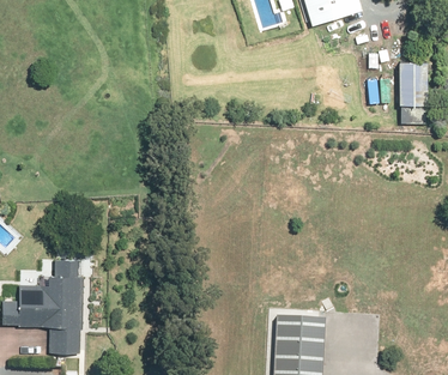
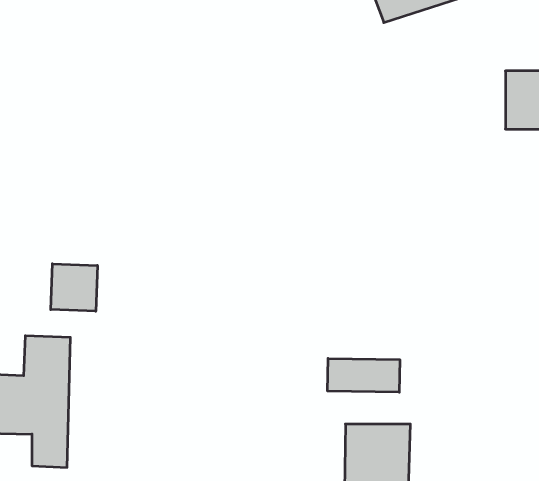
building: none -> [51,264,97,311]
building: none -> [328,358,400,392]

